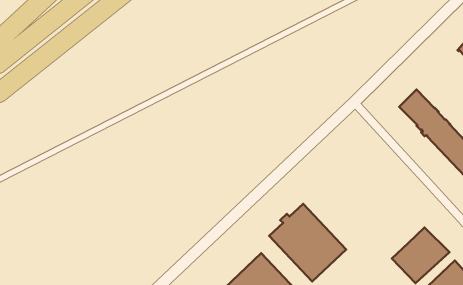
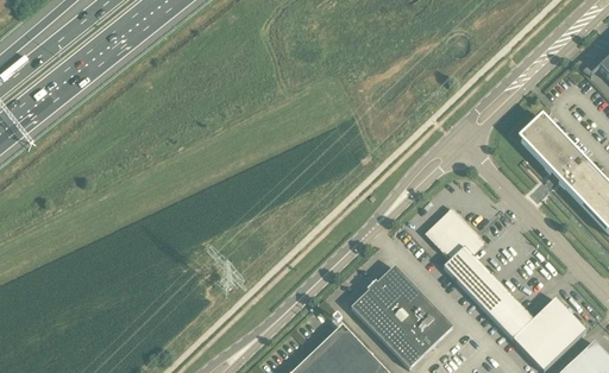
building: none -> [426,206,534,337]

